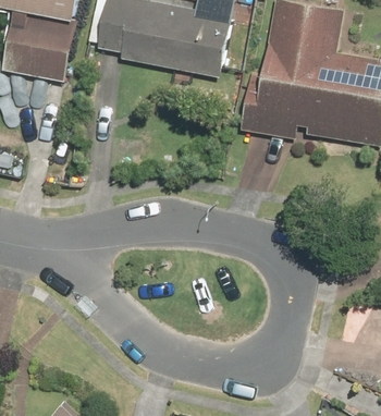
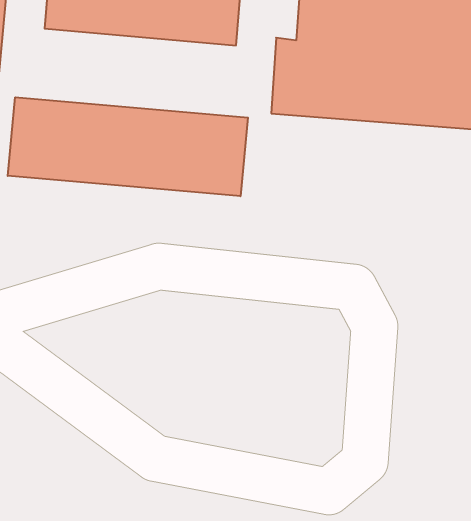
building: none -> [8,97,248,196]

